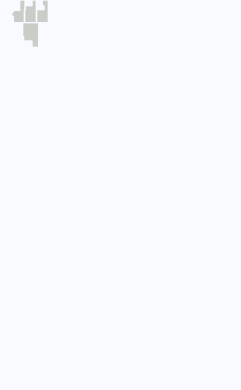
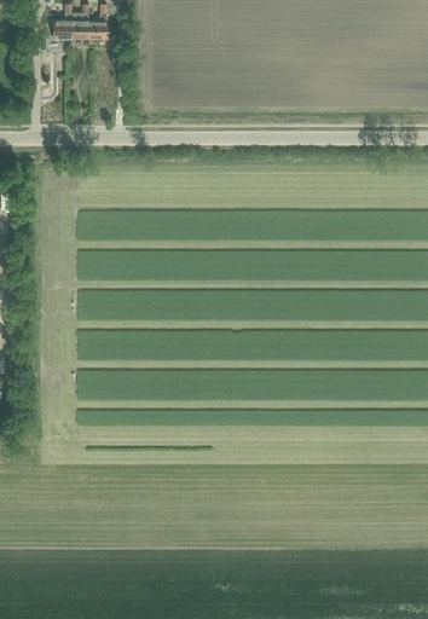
building: [23,23,38,48] -> none

